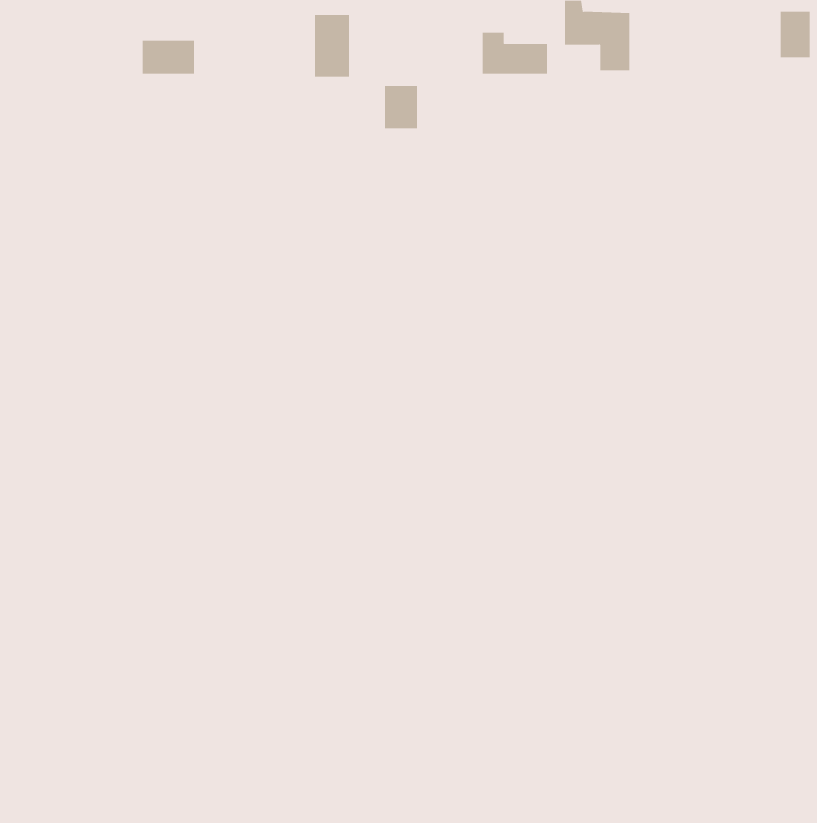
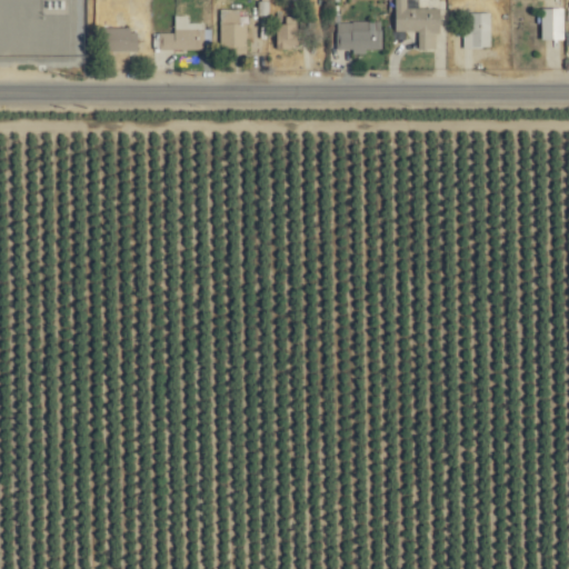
building: none -> [465,12,490,48]
building: none -> [156,17,204,50]
building: [384,85,418,129] -> [278,19,301,49]

